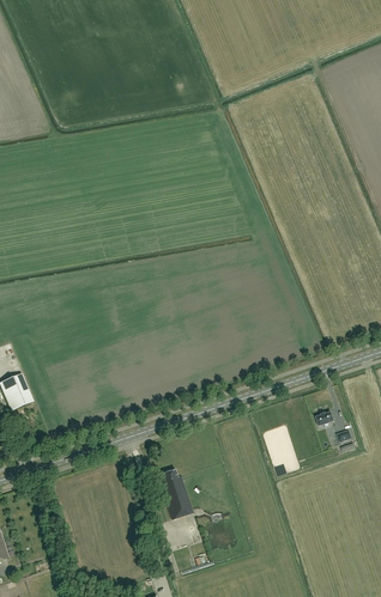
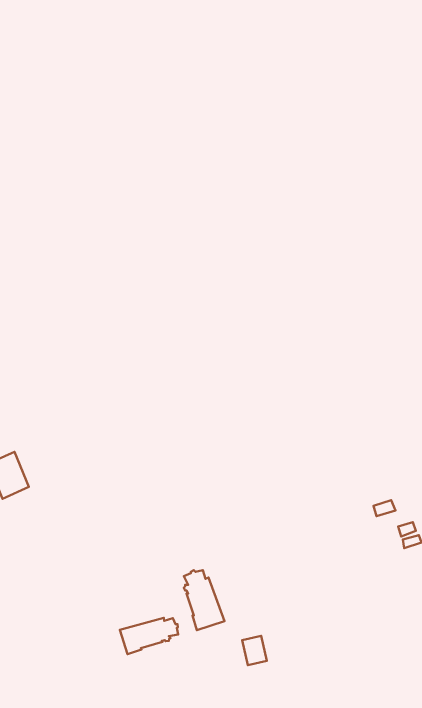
building: none -> [120,618,178,654]

